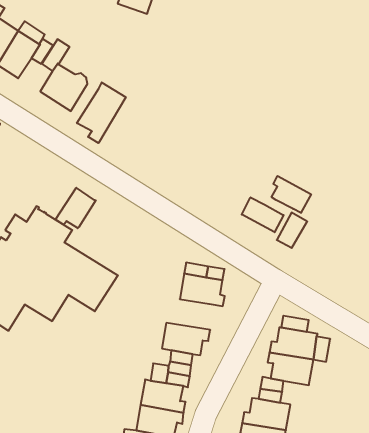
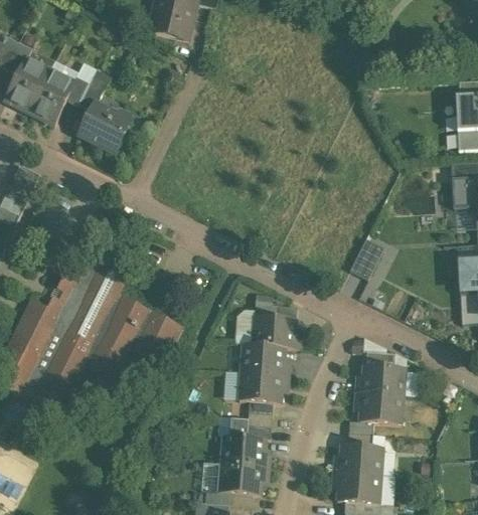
building: [77,82,126,143] -> none
building: [272,176,311,213] -> none
building: [55,188,96,228] -> none
building: [242,197,284,232] -> none
building: none -> [241,343,290,374]

